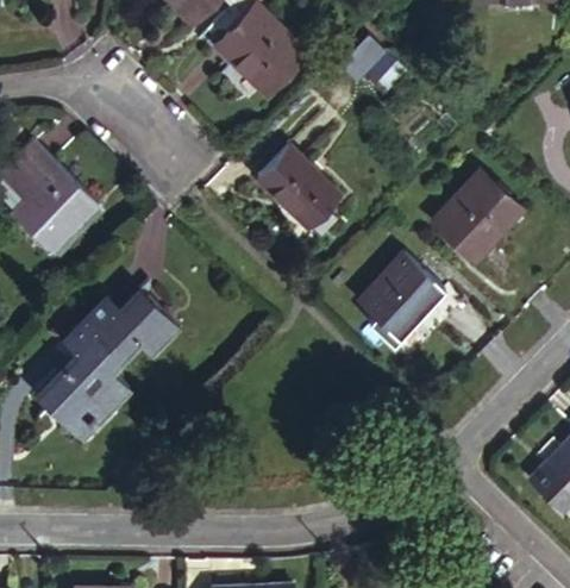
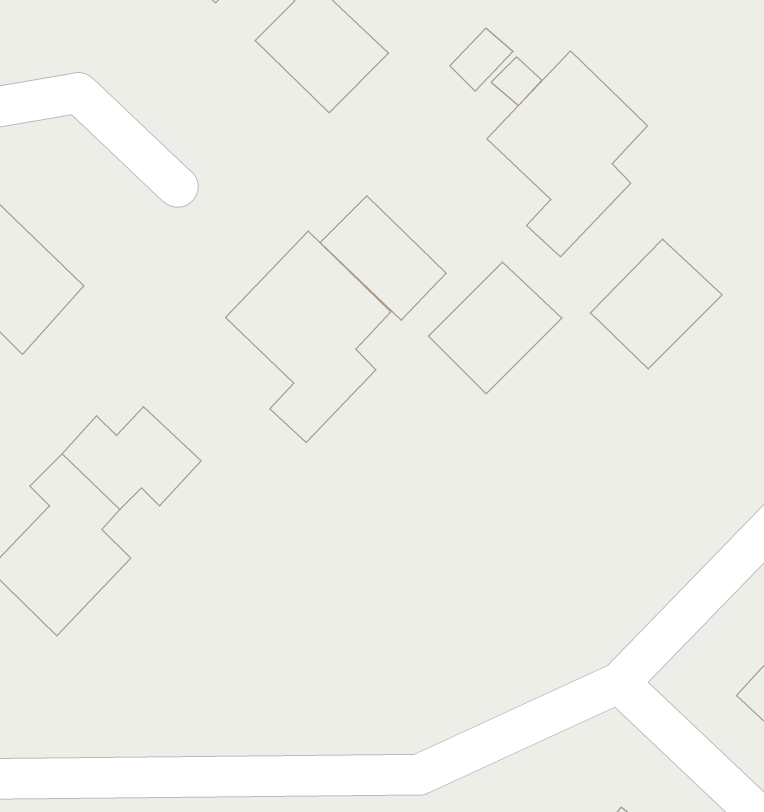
building: none -> [487,51,647,257]
building: none -> [226,231,391,442]
building: [357,257,445,344] -> [428,262,562,394]

